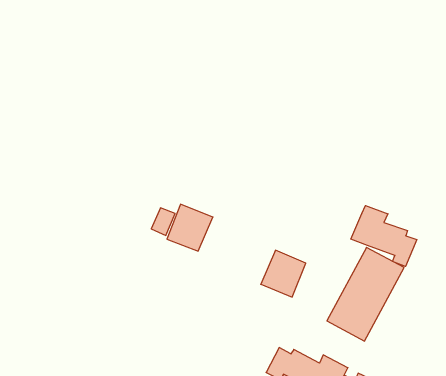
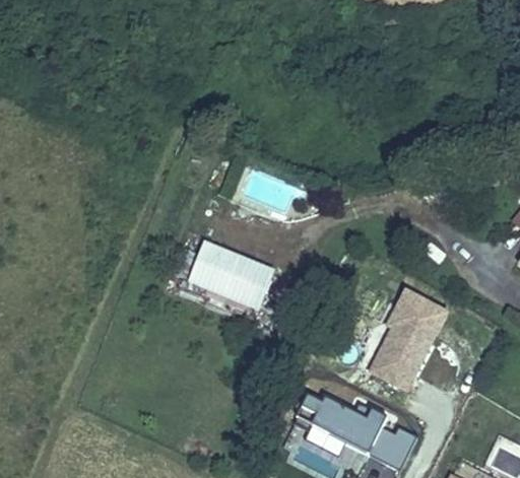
building: [351,206,417,266] -> none
building: [261,250,306,297] -> [222,255,272,306]

